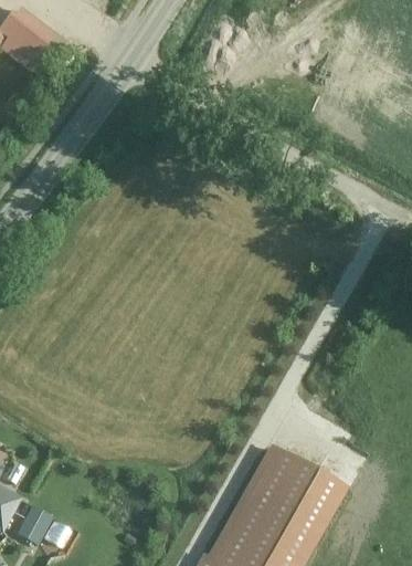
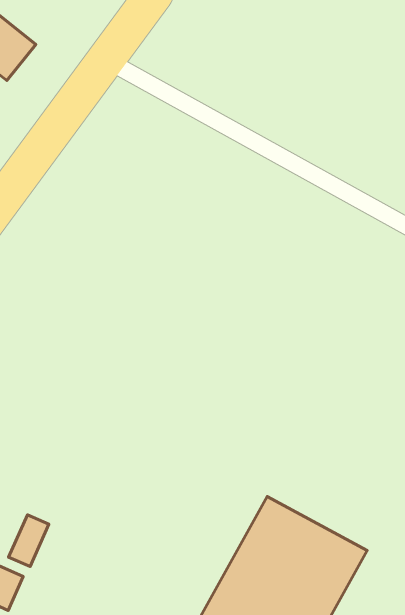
building: none -> [8,515,49,567]

